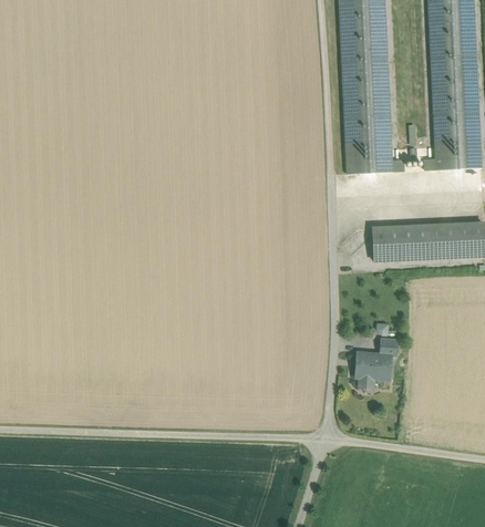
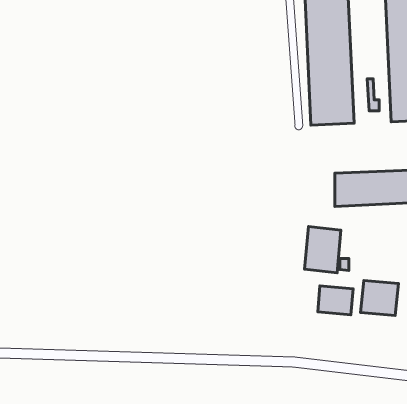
building: none -> [304,227,341,273]
building: none -> [361,280,398,316]

